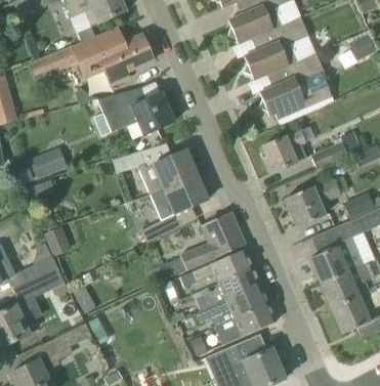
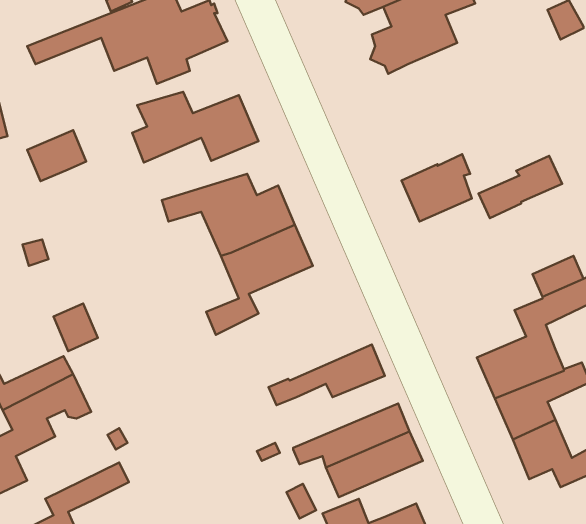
building: [258,53,331,119] -> none
building: [30,146,67,178] -> [27,130,86,181]
building: [284,176,348,226] -> none
building: [161,211,245,277] -> none
building: [194,268,260,313] -> none

